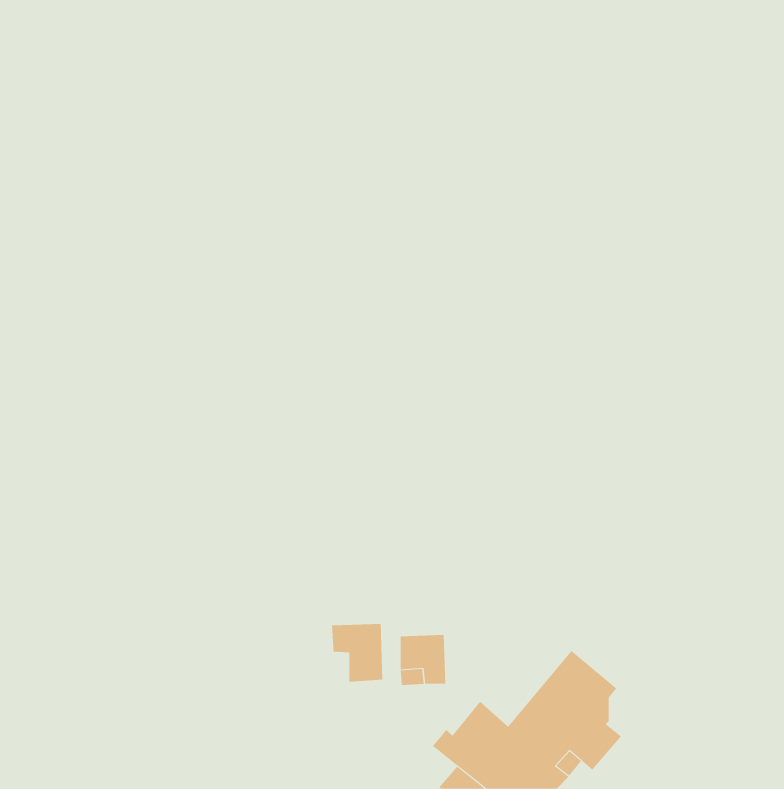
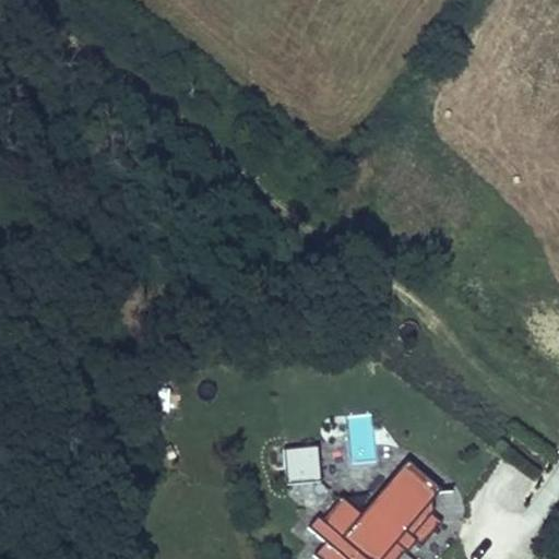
building: [332,623,383,683] -> none

